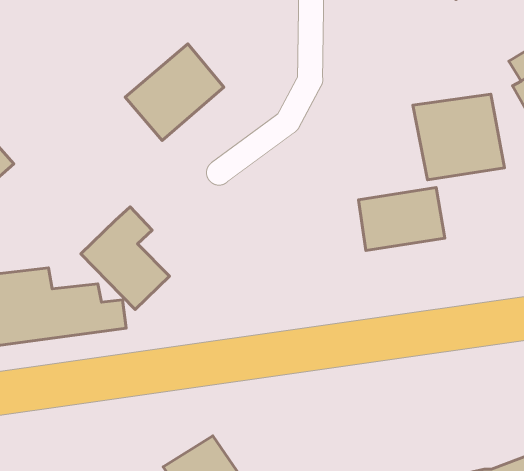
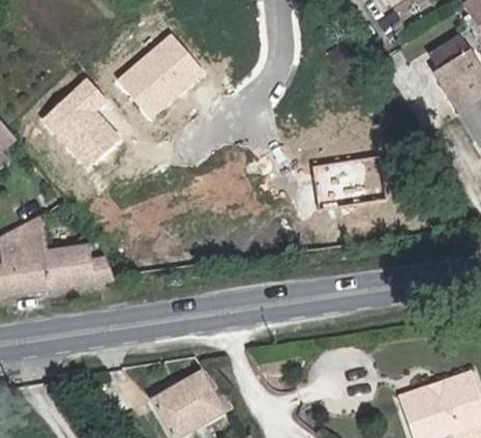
building: [413,94,504,180] -> none
building: [81,207,170,309] -> [43,84,118,170]

